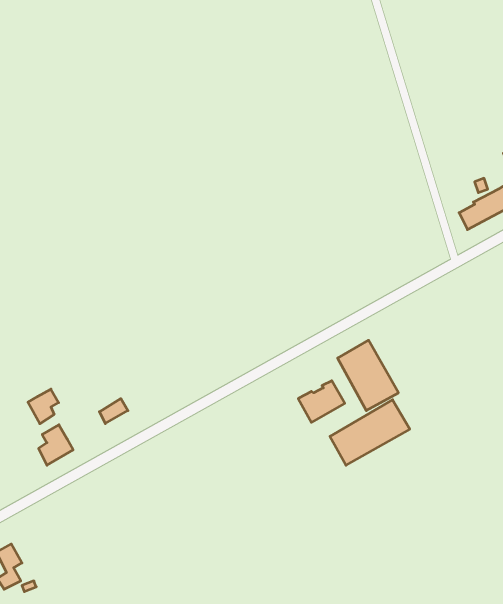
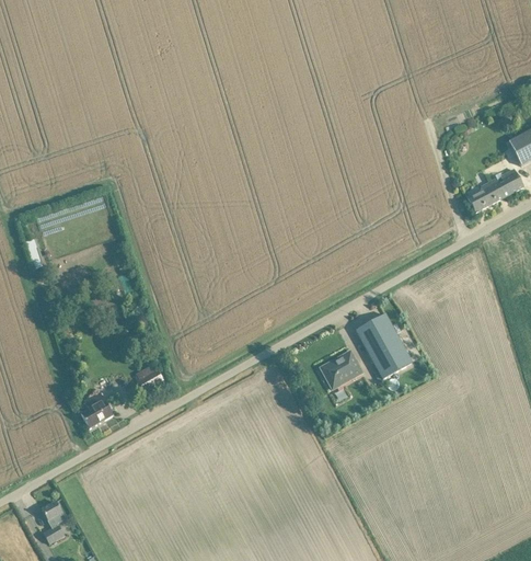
building: [28,389,59,424] -> none
building: [330,400,410,465] -> none

